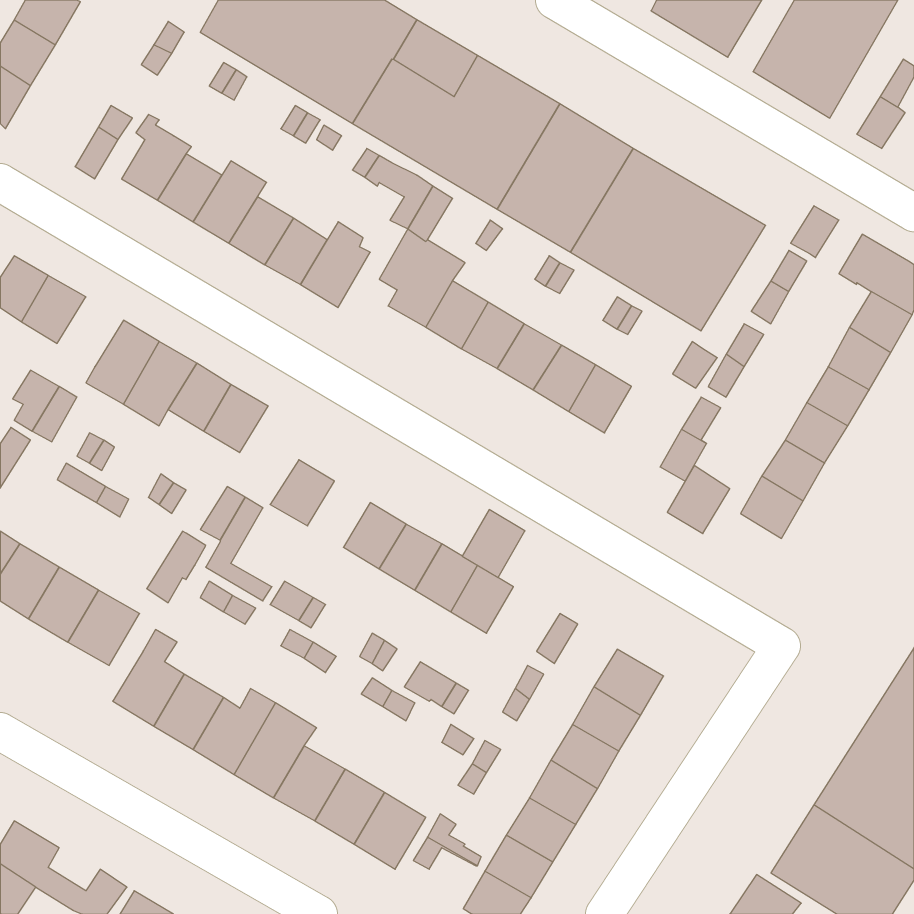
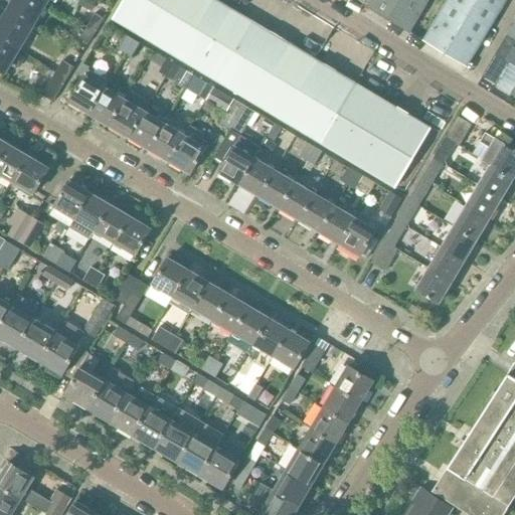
building: [667,466,730,534] -> [340,217,375,255]
building: none -> [173,271,208,308]
building: [462,510,525,577] -> [274,330,309,368]

